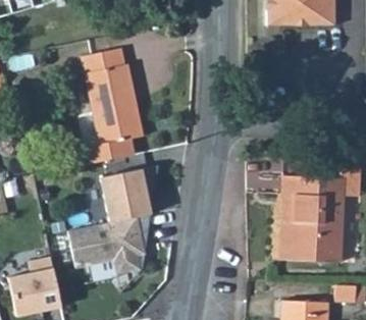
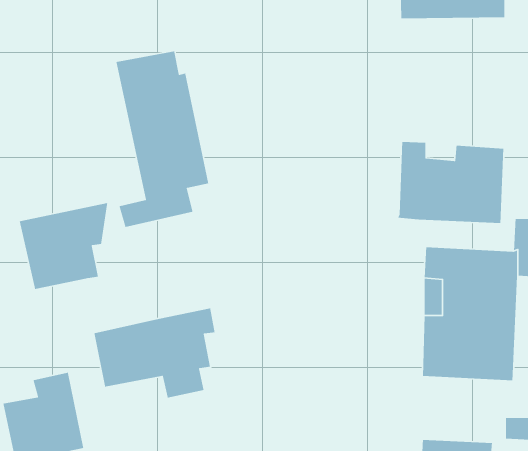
building: none -> [397,141,504,224]
building: [99,165,157,222] -> [19,202,108,290]

